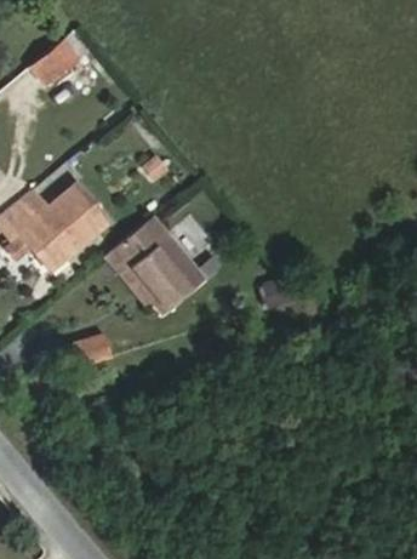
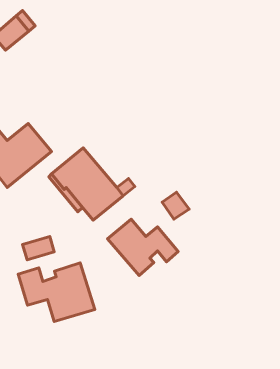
building: none -> [108,219,178,275]
building: none -> [18,263,95,322]

